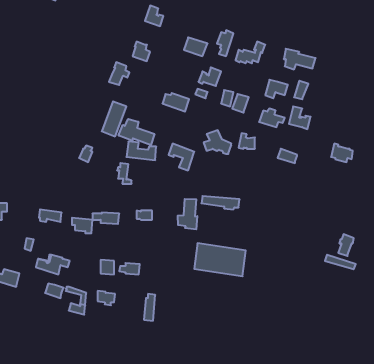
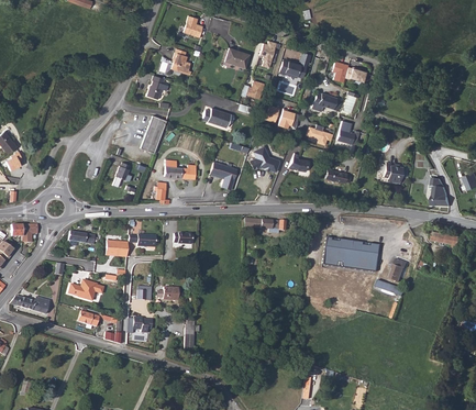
building: [119,119,154,145] -> none
building: [178,199,197,229] -> none
building: [194,243,246,276] -> [322,236,377,272]

